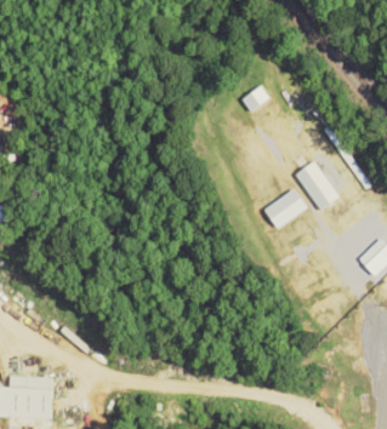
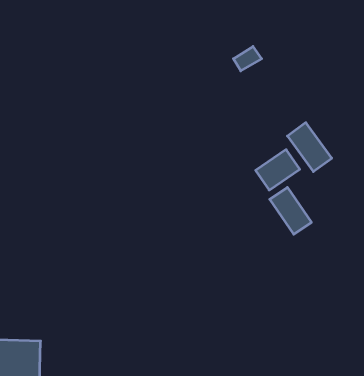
building: none -> [270,187,311,234]

